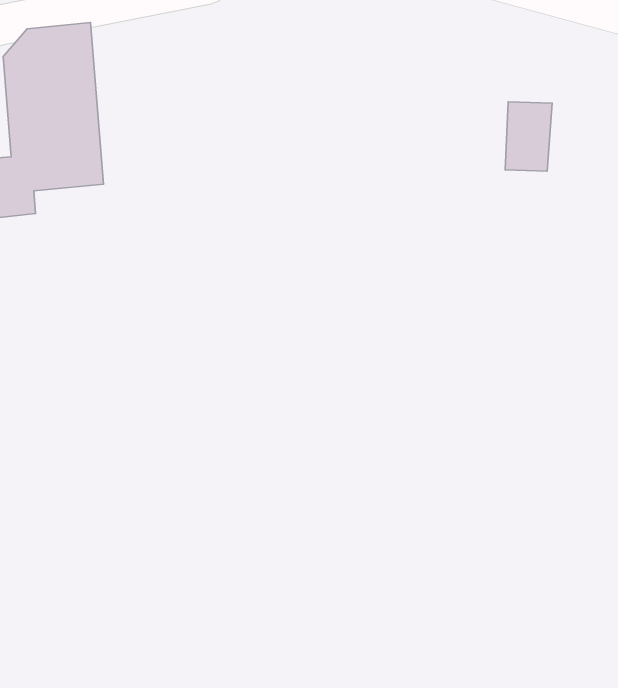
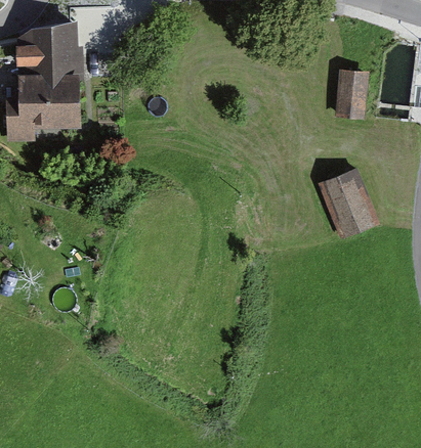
building: none -> [321,170,374,236]

